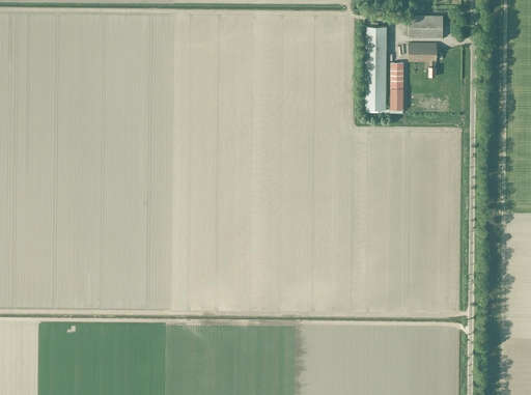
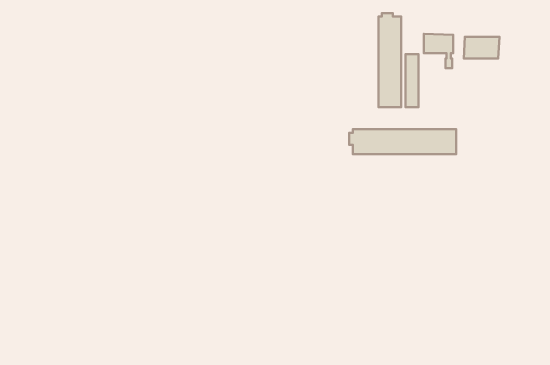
building: [409,16,443,36] -> [464,37,499,59]
building: none -> [349,129,456,154]

